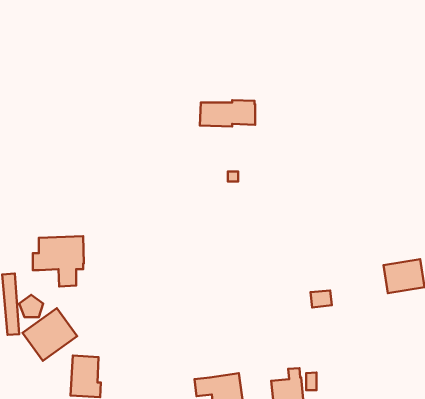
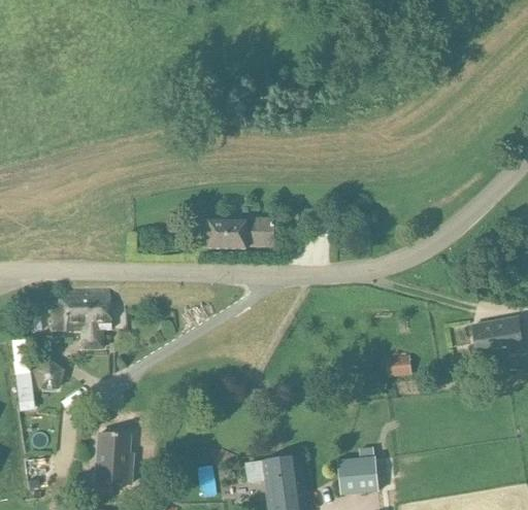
building: [200,100,255,126] -> [205,216,272,248]
building: [22,308,77,361] -> none

